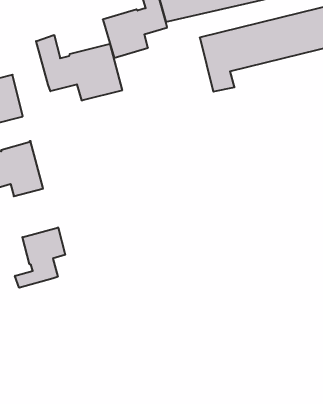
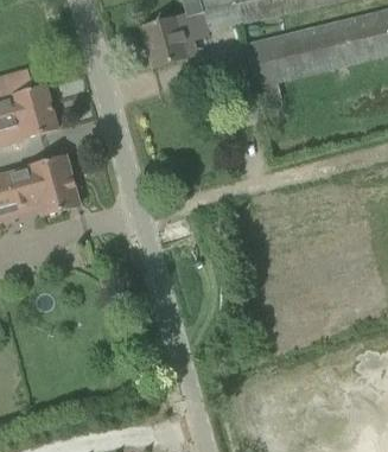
building: [36,35,122,101] -> none
building: [15,227,65,288] -> none

